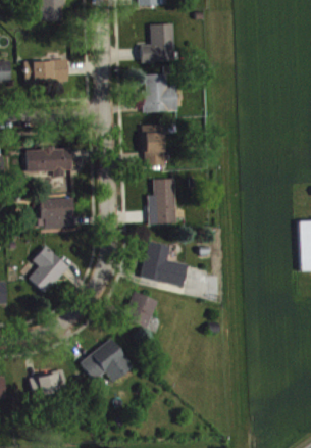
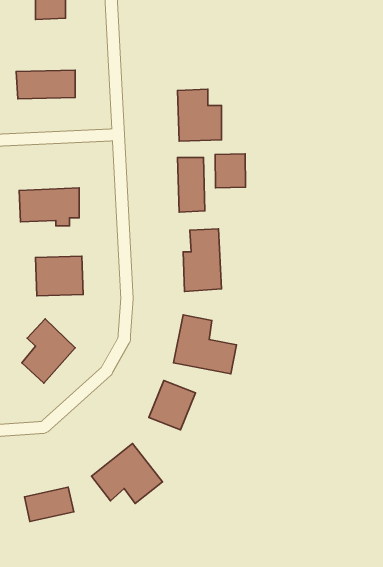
building: [140,23,174,62] -> none
building: none -> [215,154,246,188]

